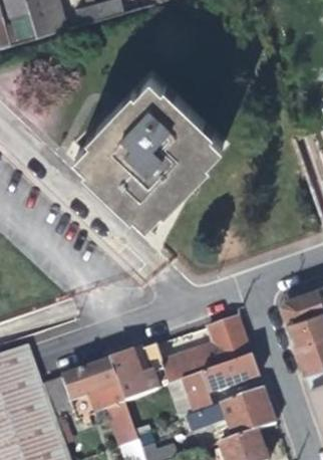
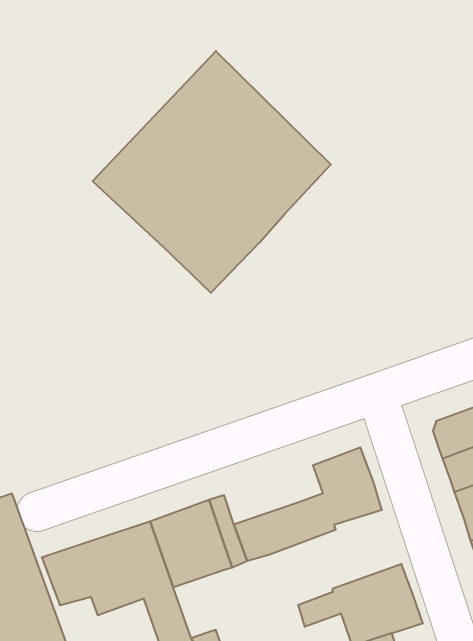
building: [182,357,258,398] -> none

